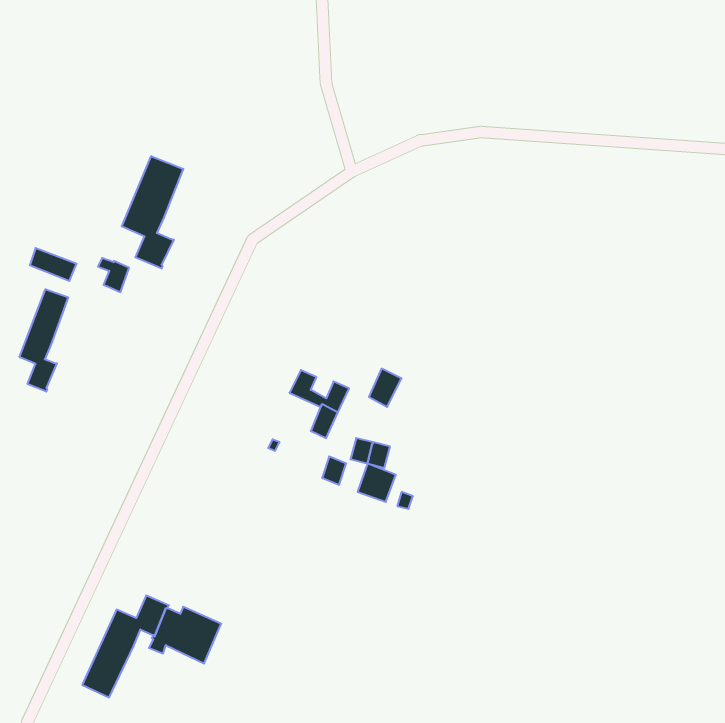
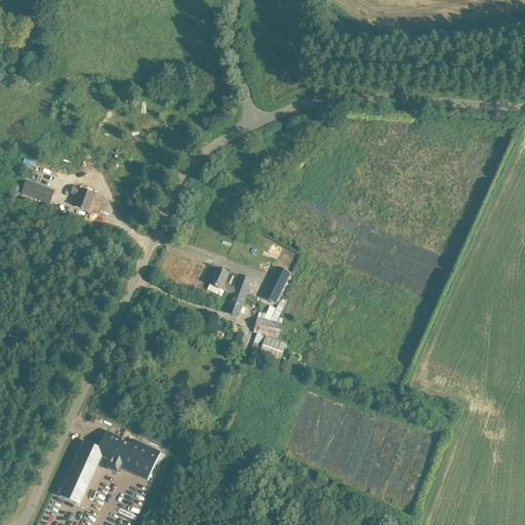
building: [122,156,183,269] -> none
building: [20,289,68,392] -> none

